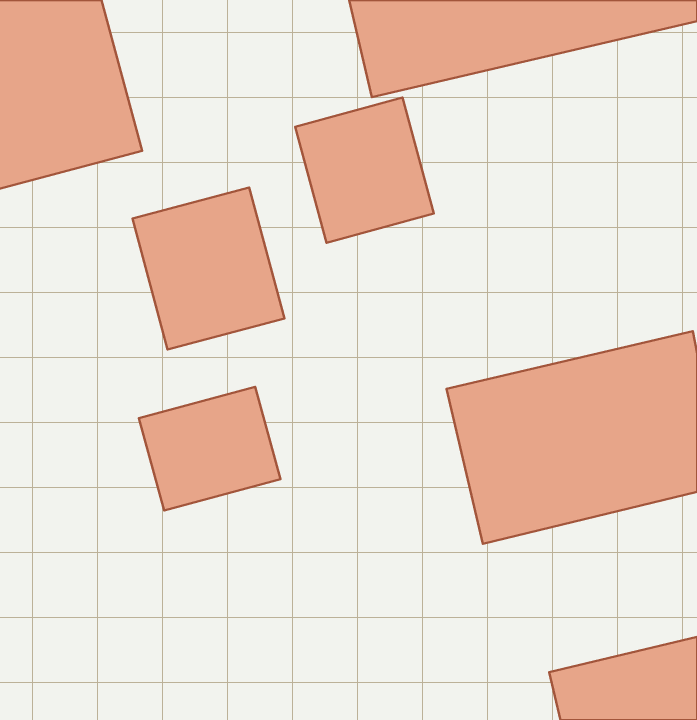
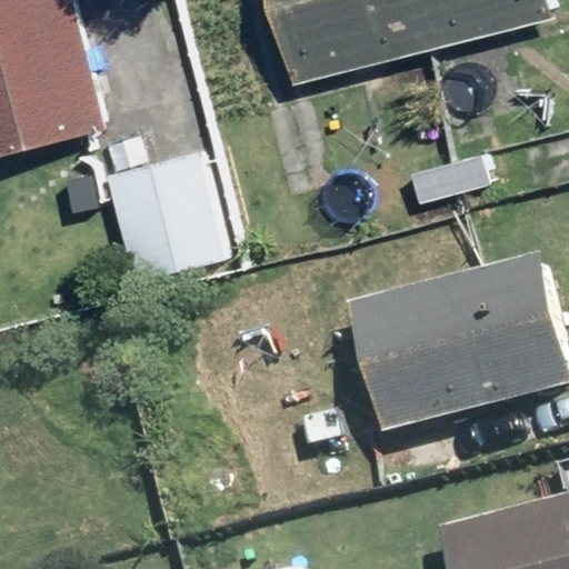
building: [295,97,434,243] -> none
building: [139,387,281,511] -> none

